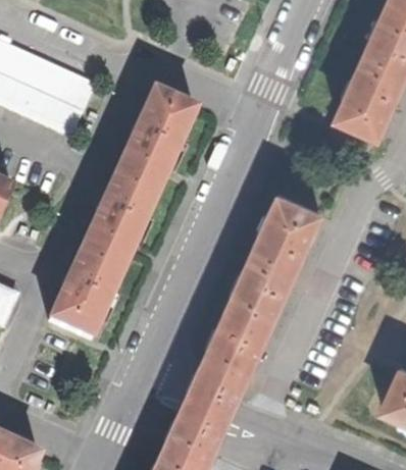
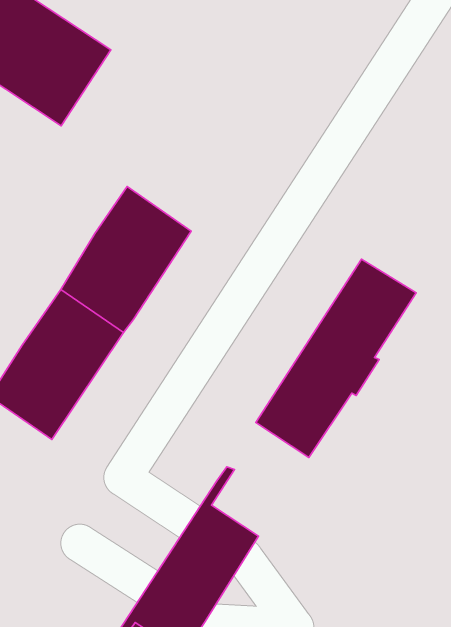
building: [119,88,200,190] -> none
building: [206,307,264,380] -> none

